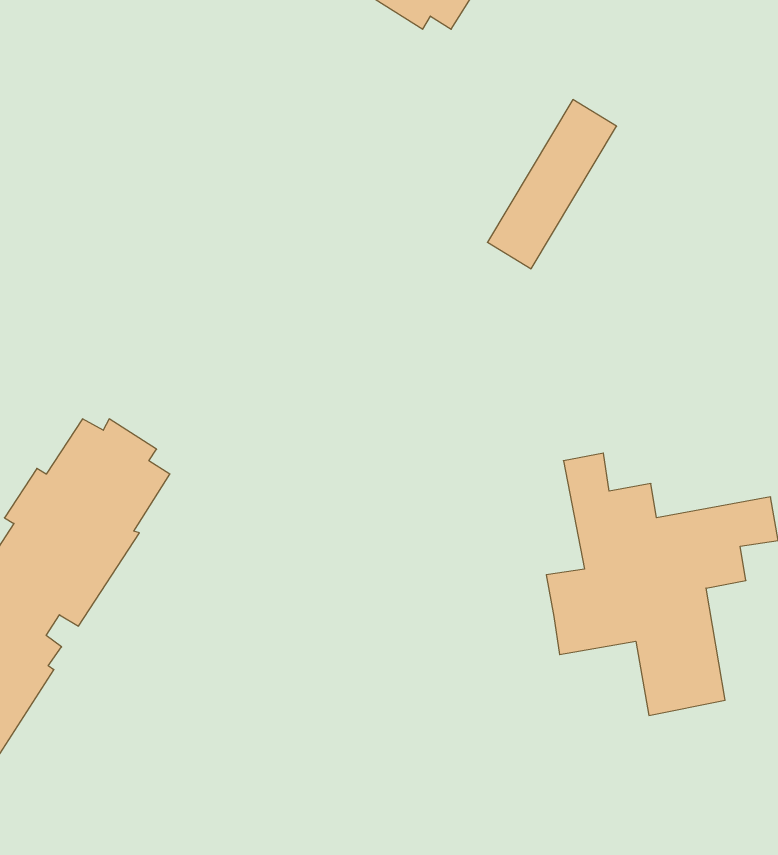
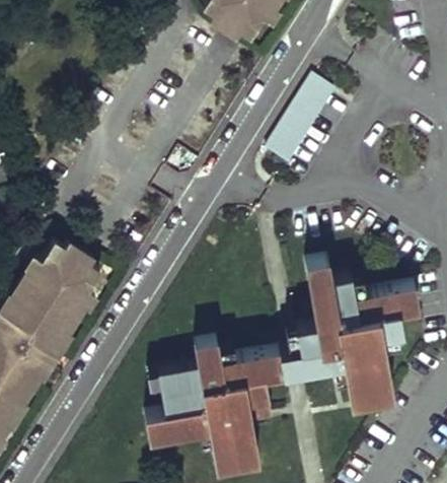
building: none -> [148,348,304,469]

